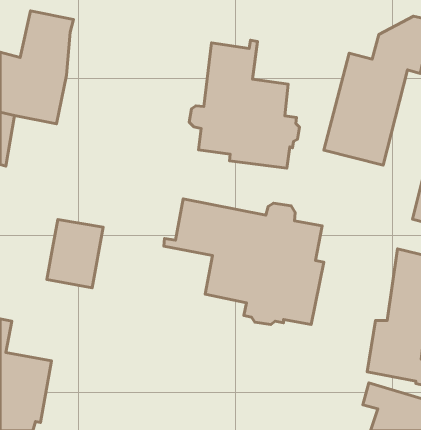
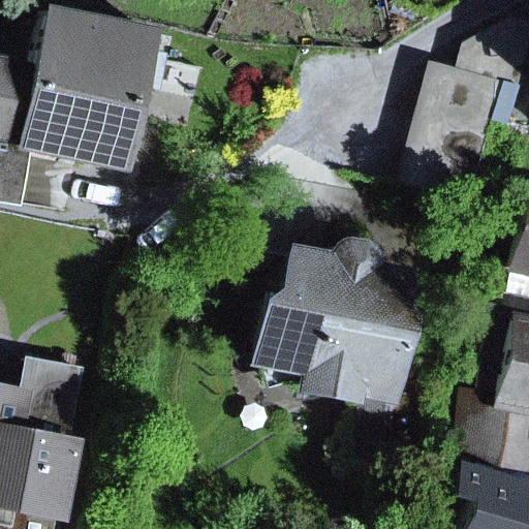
building: none -> [82,25,170,163]
building: [189,40,299,168] -> none
building: [47,220,103,288] -> [20,360,89,443]

